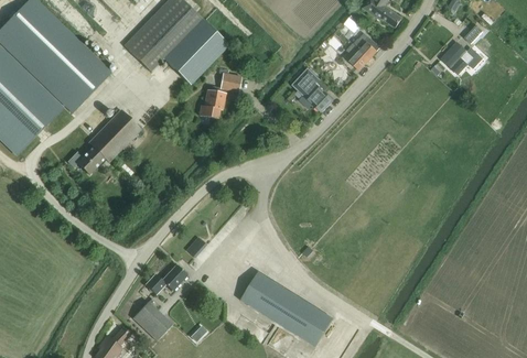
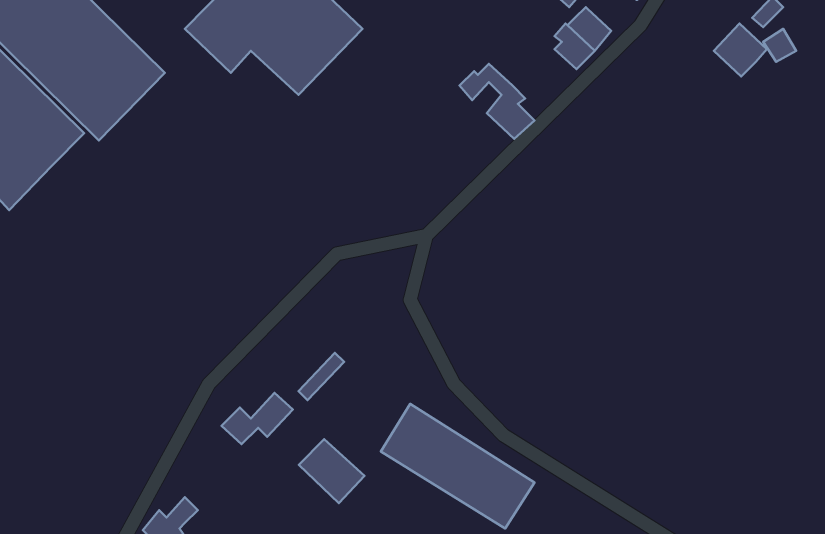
building: [200,74,240,118] -> none
building: [66,110,140,174] -> none
building: [132,302,172,340] -> [299,439,365,503]

